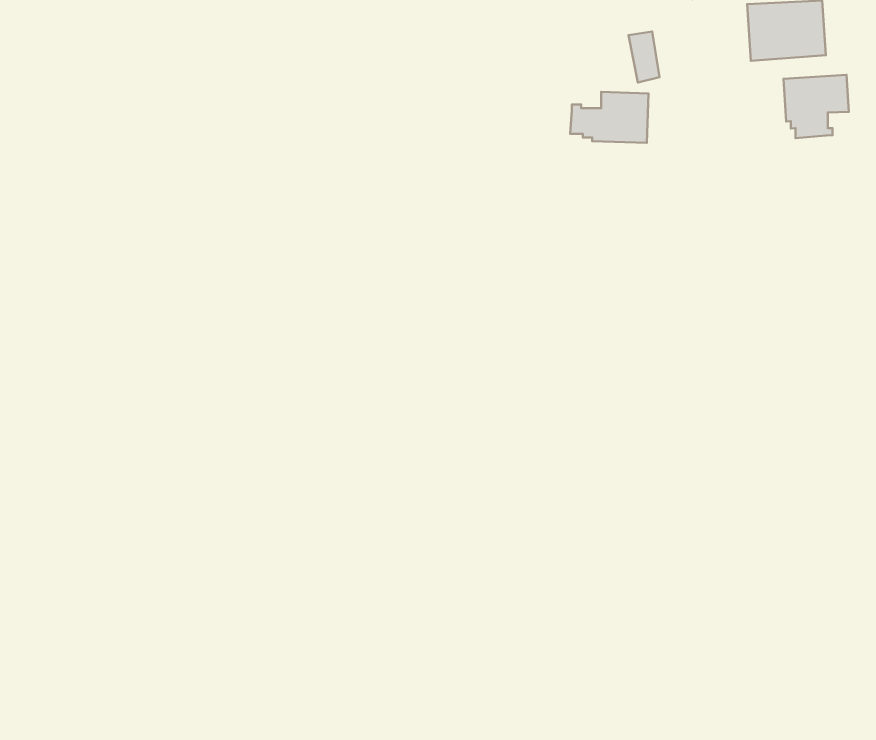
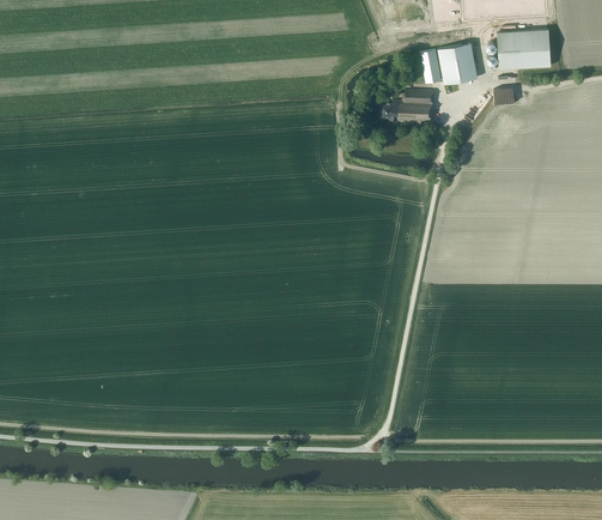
building: none -> [438,43,476,84]
building: [784,75,849,138] -> none

